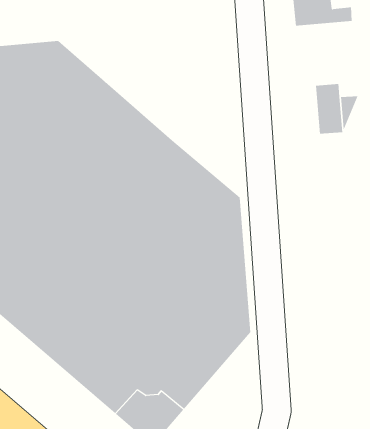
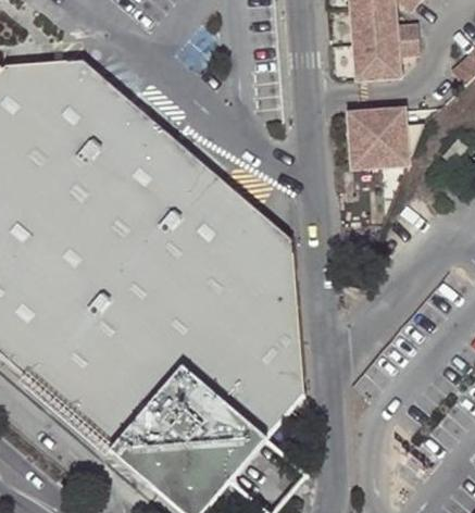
building: none -> [353,38,420,79]
building: none -> [349,111,380,168]

